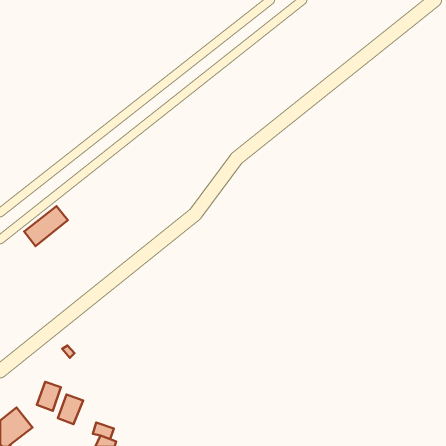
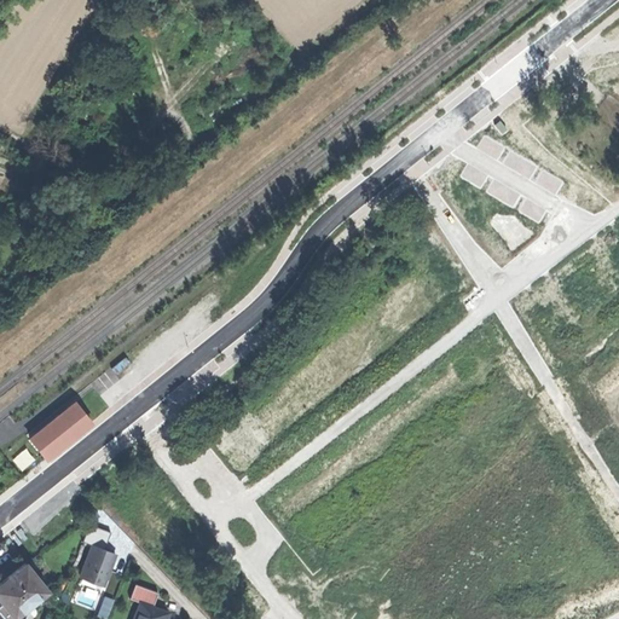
building: [24,206,68,246] -> [34,400,94,456]
building: [37,382,61,411] -> none

